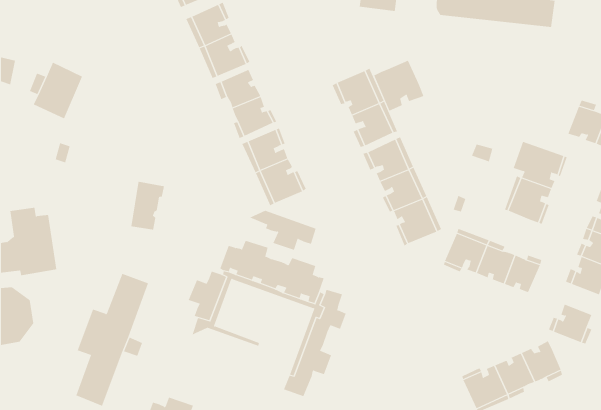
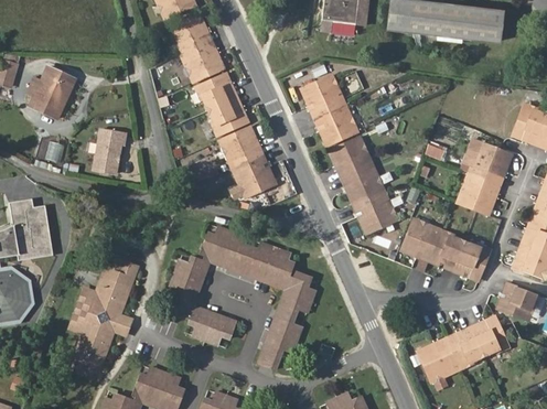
building: [373,60,424,112] -> none
building: [131,181,165,230] -> [94,129,125,173]
building: [249,210,316,250] -> [173,308,234,344]

